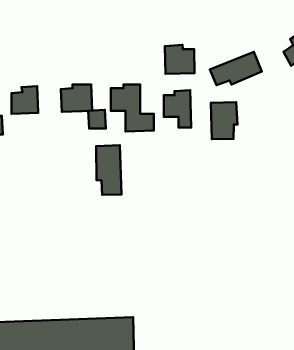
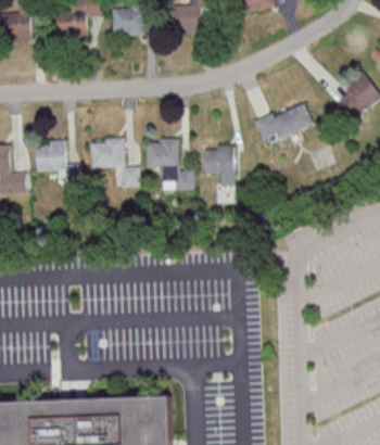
building: [165,45,195,74] -> none
building: [211,102,238,139] -> none
building: [96,145,122,195] -> none

